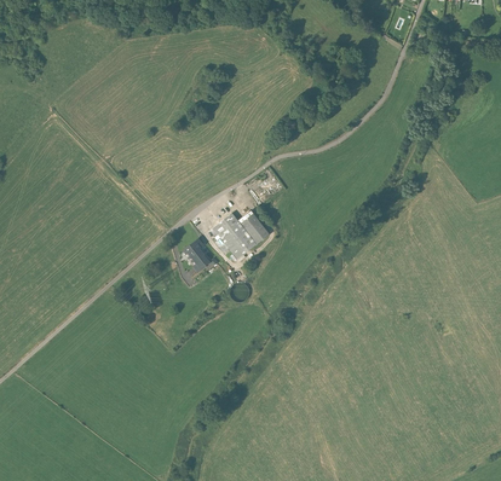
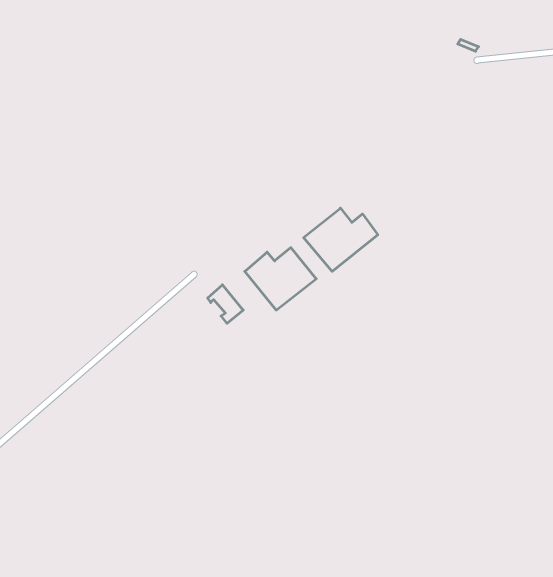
building: none -> [304,208,378,271]

